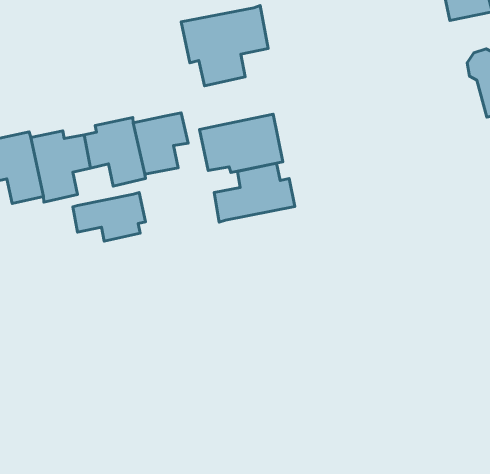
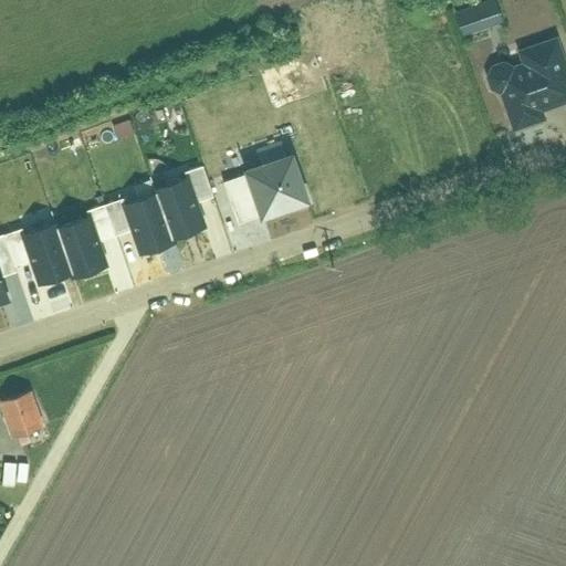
building: [181,6,268,86] -> none
building: [214,163,295,222] -> none
building: [73,192,145,241] -> none

